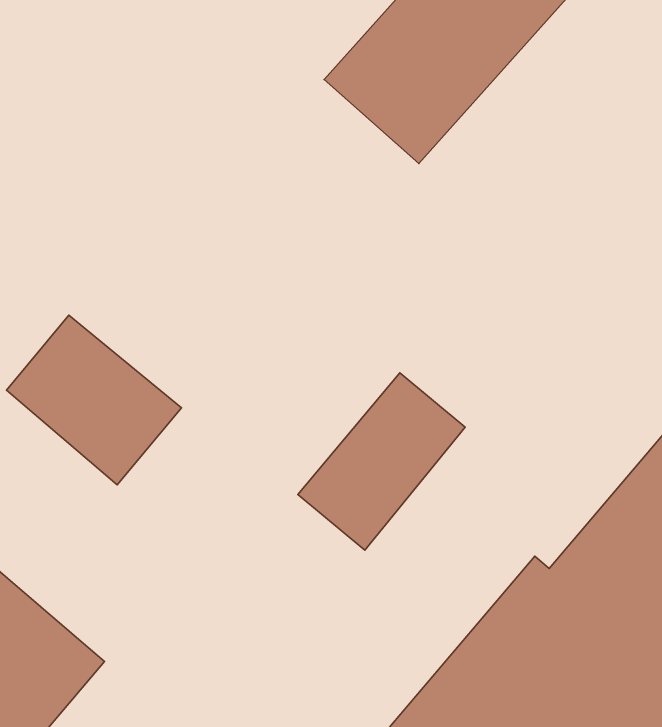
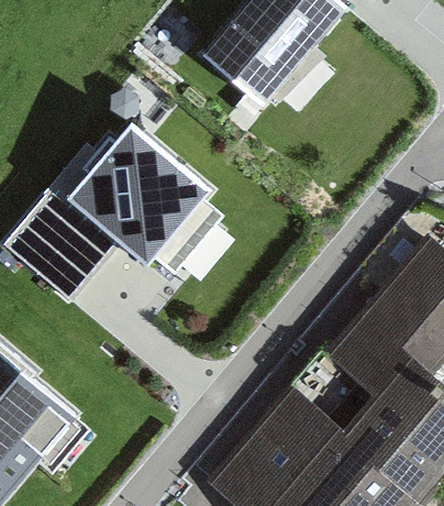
building: none -> [67,124,210,265]
building: [298,373,465,550] -> none

